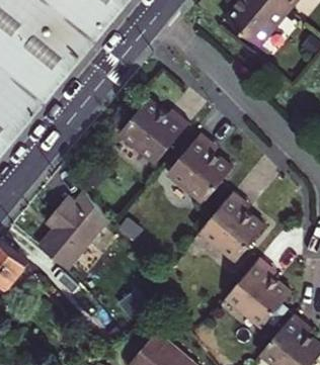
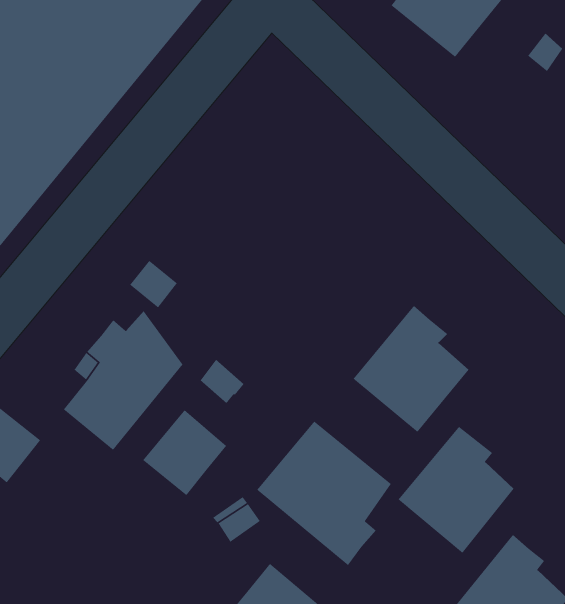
building: [117,99,188,165] -> none
building: [165,132,231,203] -> none
building: none -> [142,409,227,496]
building: none -> [256,420,392,566]

